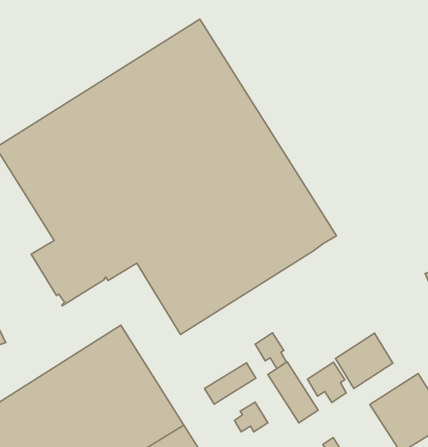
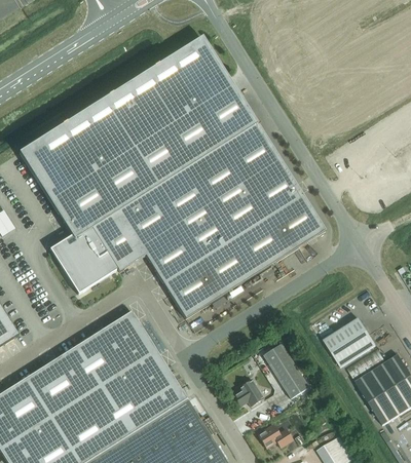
building: [255,333,287,369] -> none
building: [307,362,346,402] -> none
building: [204,363,256,404] -> none

